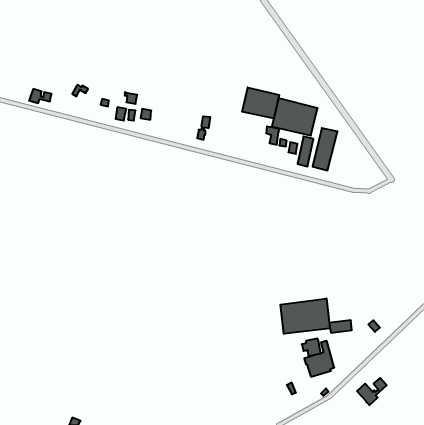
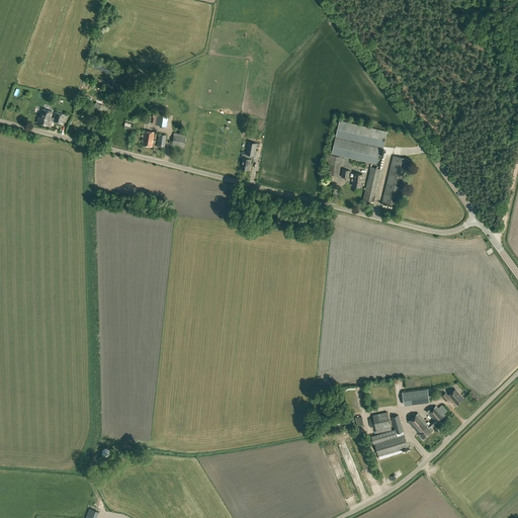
building: [242,87,279,119] -> none
building: [280,298,330,334] -> none
building: [357,378,387,405] -> [407,406,443,439]

